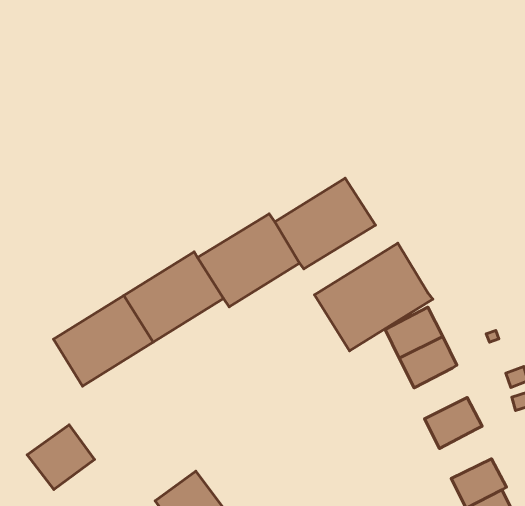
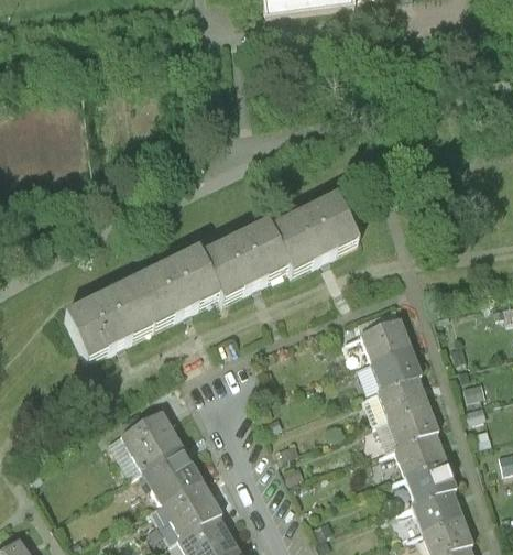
building: [315,243,433,351] -> none
building: none -> [375,371,426,414]
building: [27,425,95,489] -> [120,409,179,465]
building: none -> [394,427,443,469]

